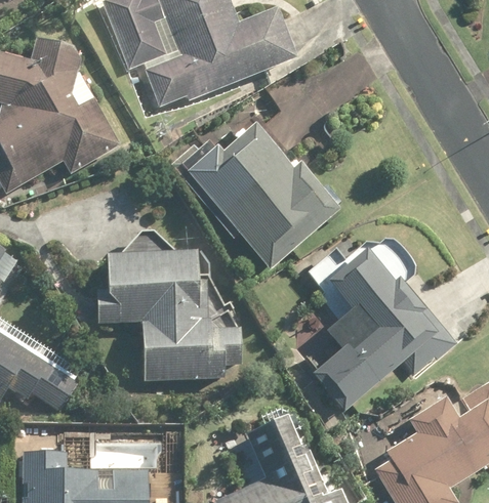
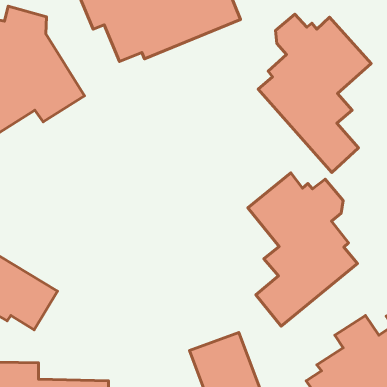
building: none -> [258,14,371,172]
building: [176,127,344,271] -> none
building: [95,255,241,380] -> none

